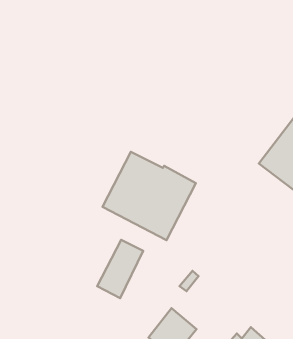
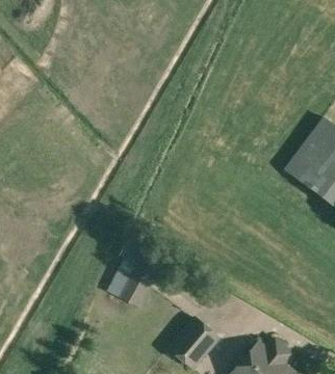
building: [103,152,196,240] -> none

